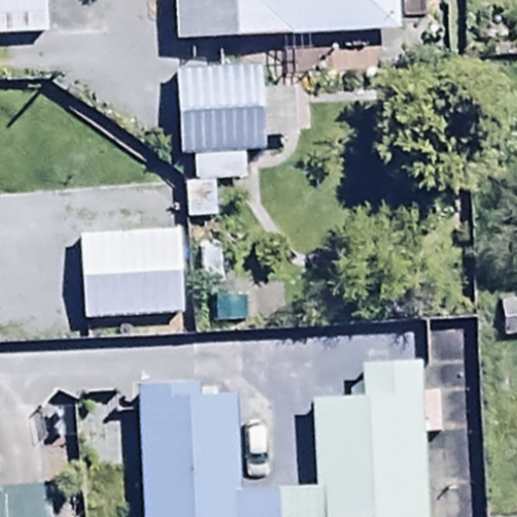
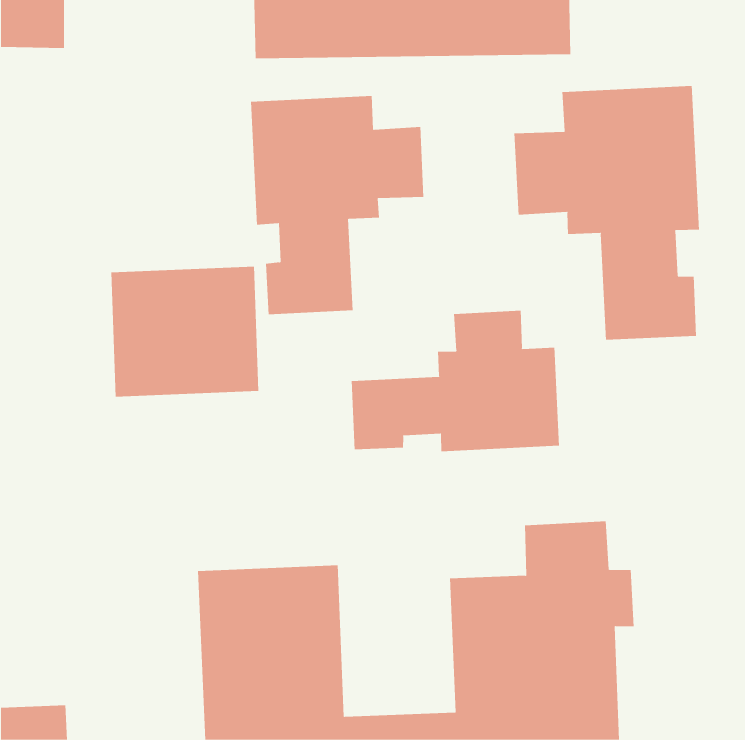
building: none -> [514,85,699,340]
building: none -> [351,310,560,452]

